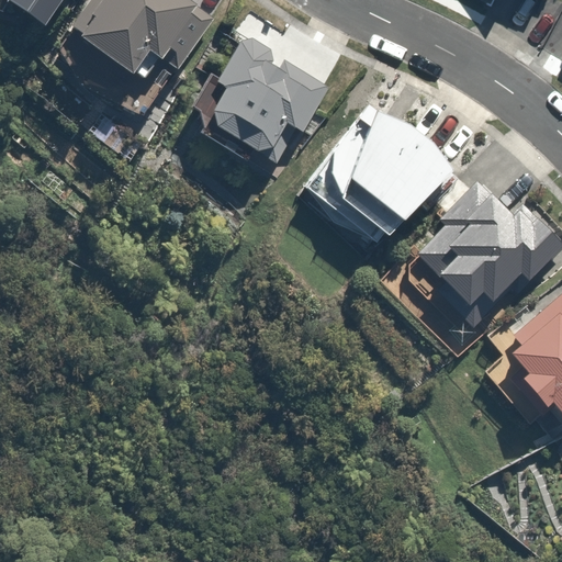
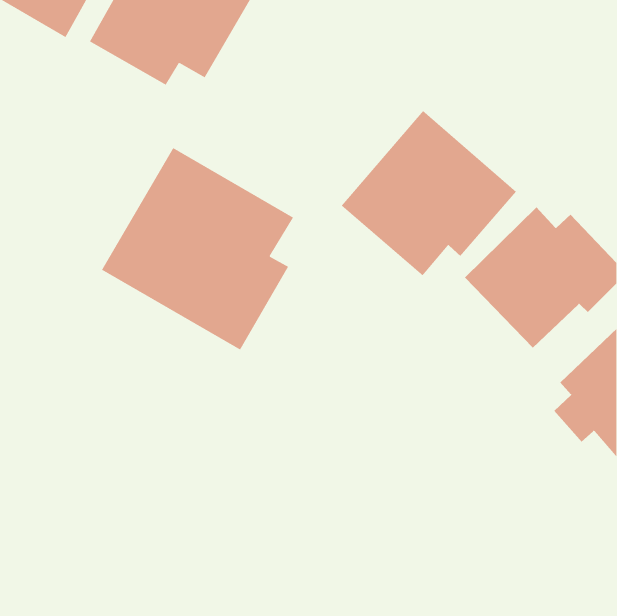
building: [183,38,327,172] -> none
building: none -> [101,147,294,350]

